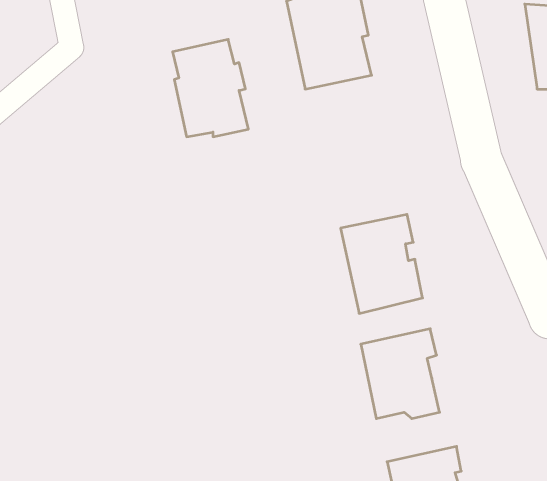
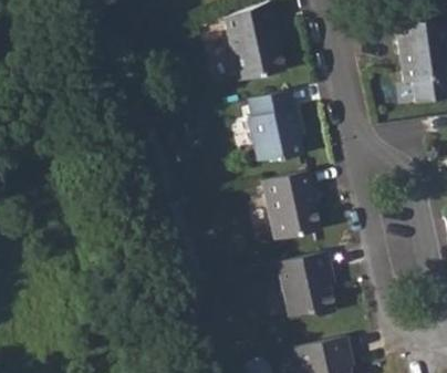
building: [173,39,248,137] -> [248,90,302,159]

